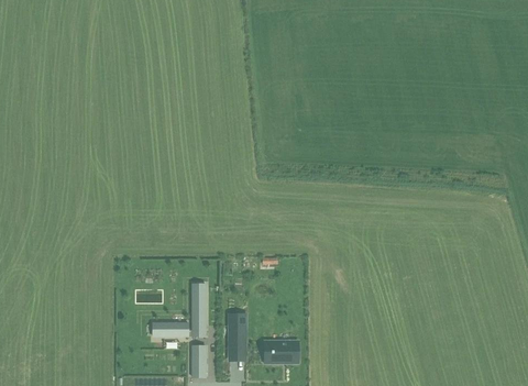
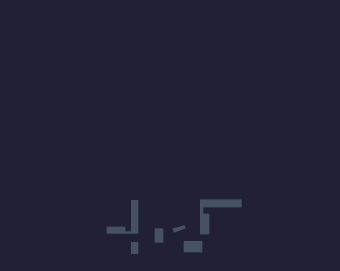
building: none -> [199,198,242,235]

